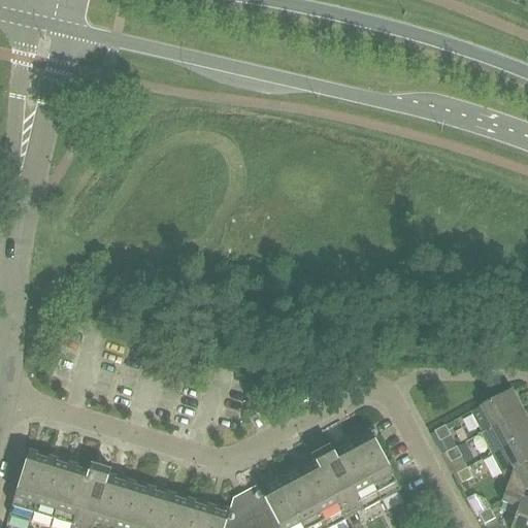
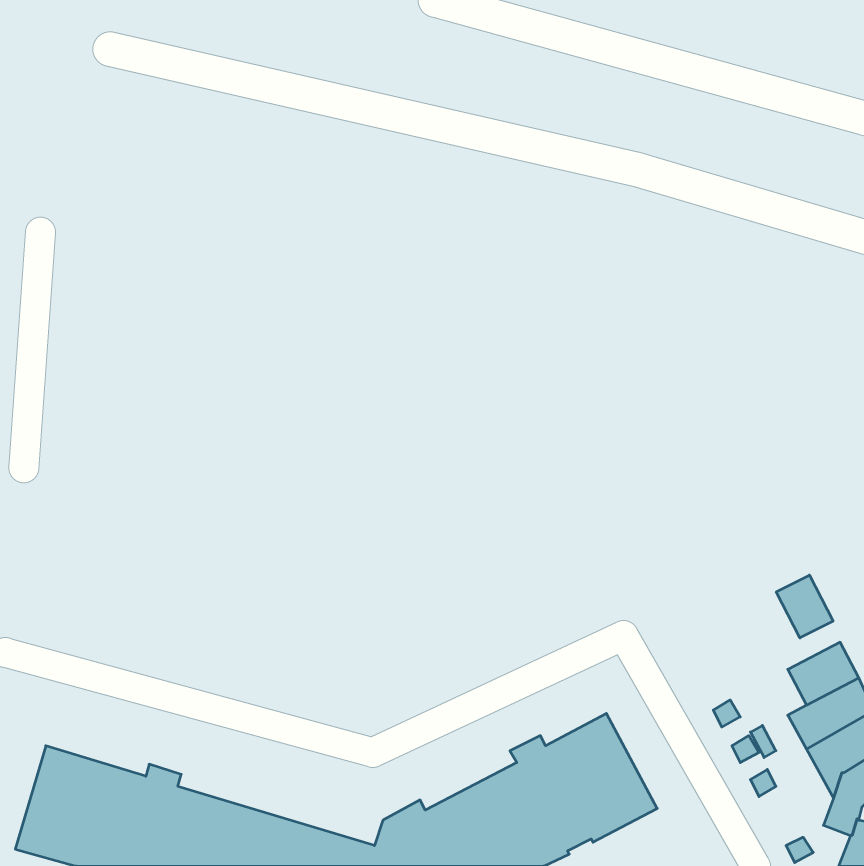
building: none -> [776,575,833,638]

